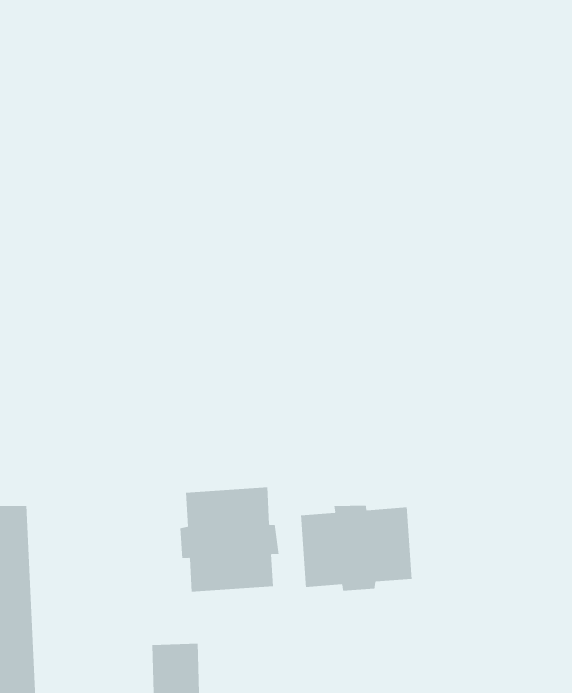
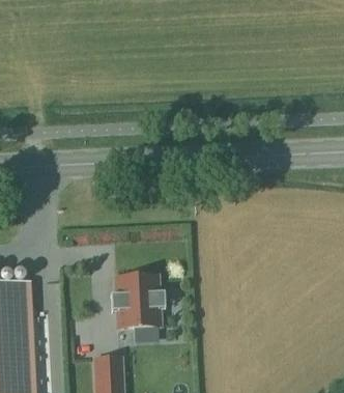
building: [300,505,412,591] -> none

